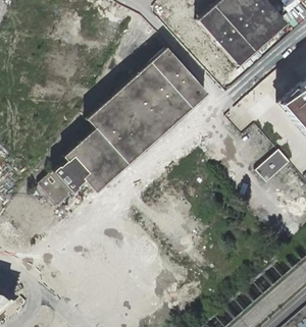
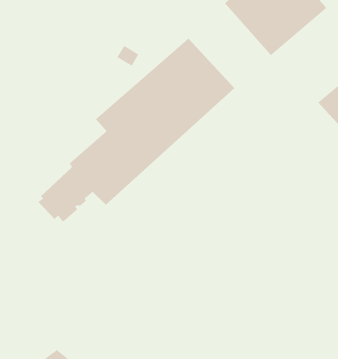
building: [254,147,291,180] -> none

